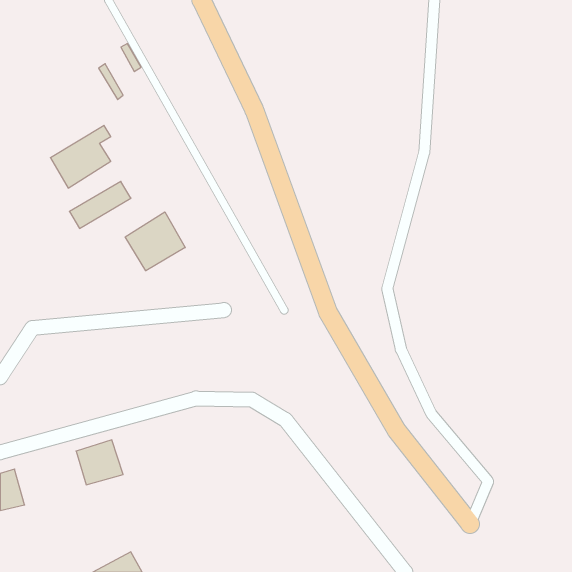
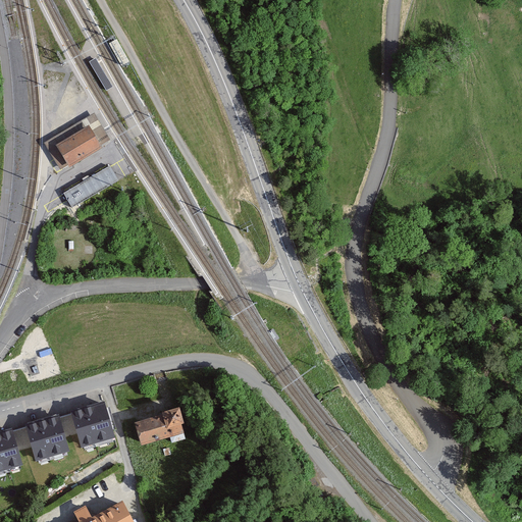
building: [125,212,185,271] -> none
building: none -> [137,412,182,442]
building: none -> [25,415,69,456]

